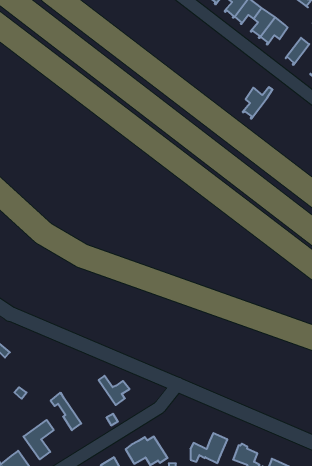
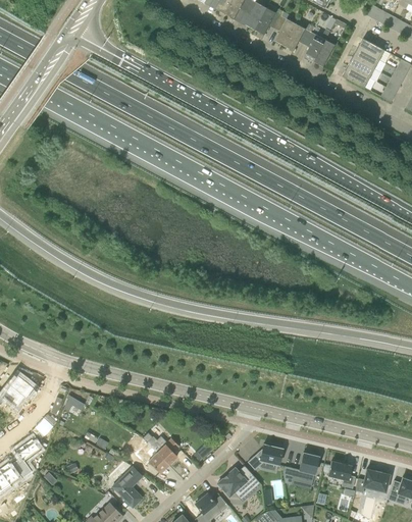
building: [243,87,273,119] -> [304,29,330,63]
building: [99,376,130,405] -> [147,437,179,465]
building: none -> [247,445,282,470]

